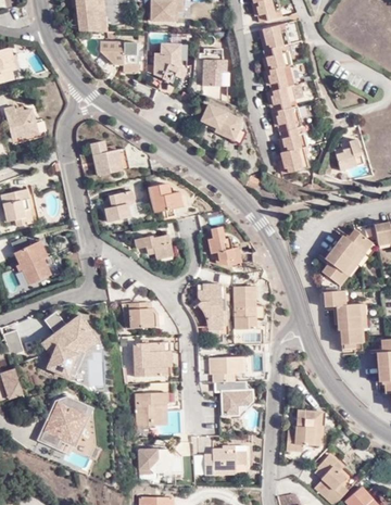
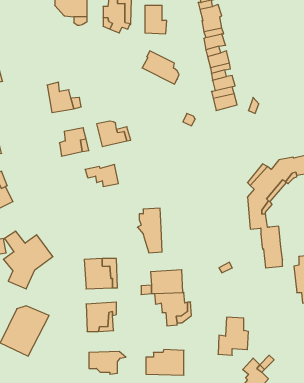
building: [336,138,366,171] -> none
building: [207,225,239,263] -> none
building: [234,286,255,328] -> none
building: [124,300,155,327] -> none

